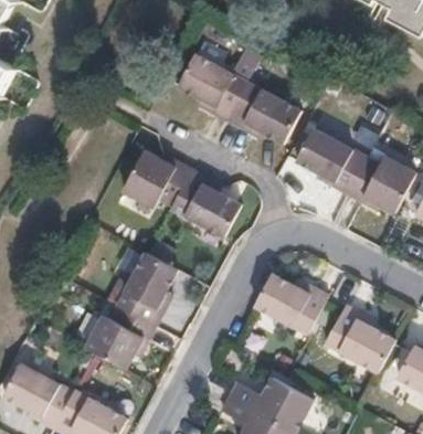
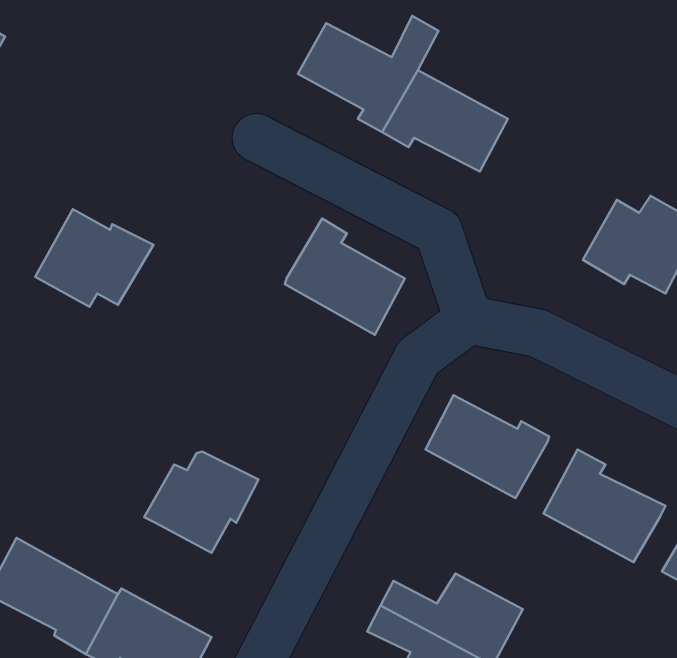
building: [296,130,366,194] -> none
building: [123,149,192,207] -> [35,209,153,307]
building: [116,252,177,324] -> none

